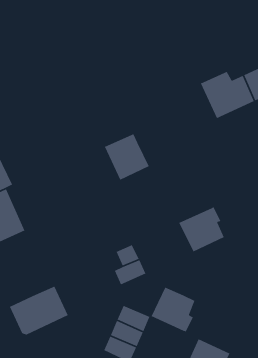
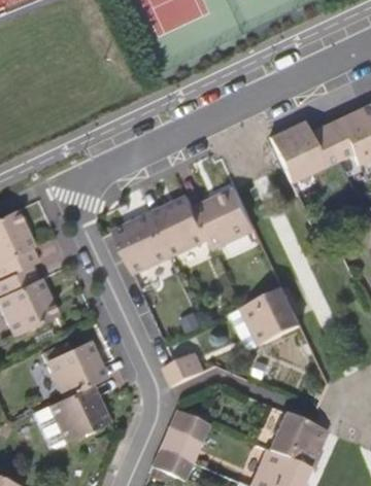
building: none -> [196,188,258,250]
building: none -> [116,214,173,275]
building: none -> [47,341,107,398]
building: [151,286,196,332] -> [270,414,326,471]

